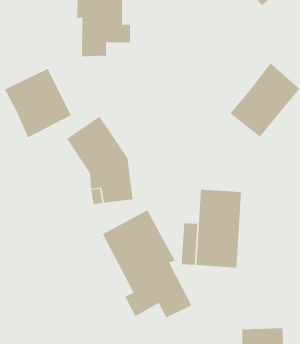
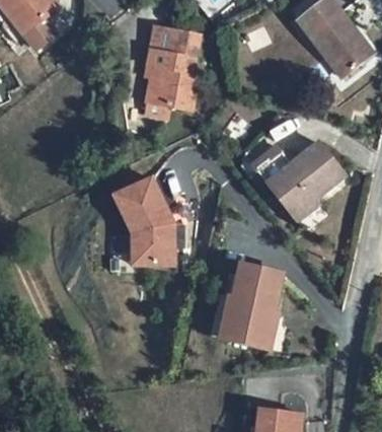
building: [4,68,72,138] -> none
building: none -> [260,151,302,193]
building: [102,210,192,318] -> none

